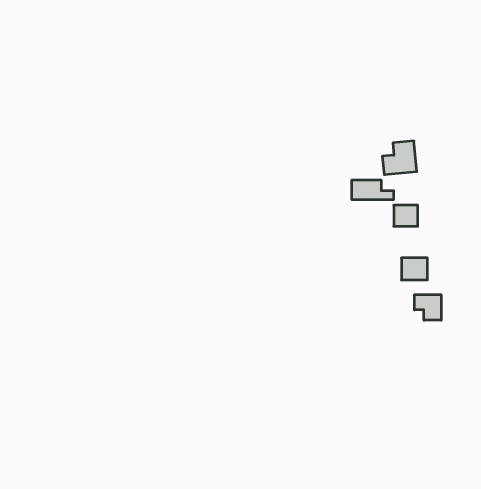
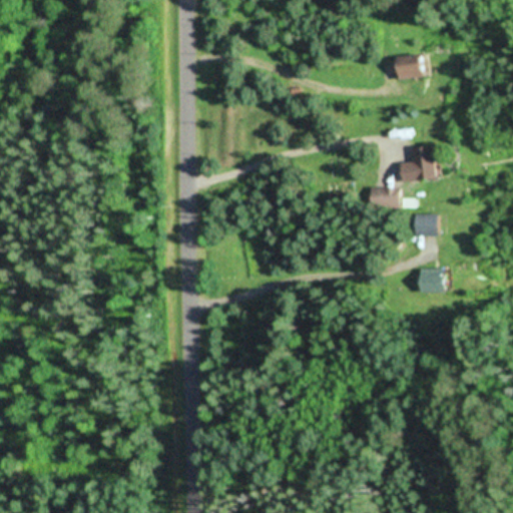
building: none -> [393,54,425,79]
building: [414,295,441,320] -> none

